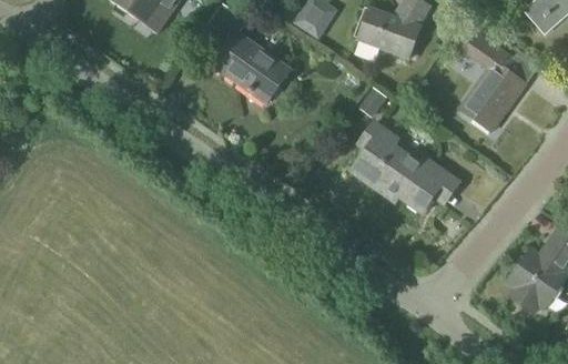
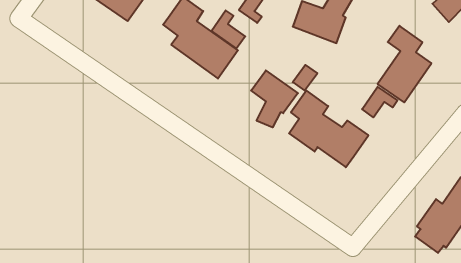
building: none -> [211,10,245,48]
building: none -> [251,70,298,127]
building: none -> [362,87,397,117]

